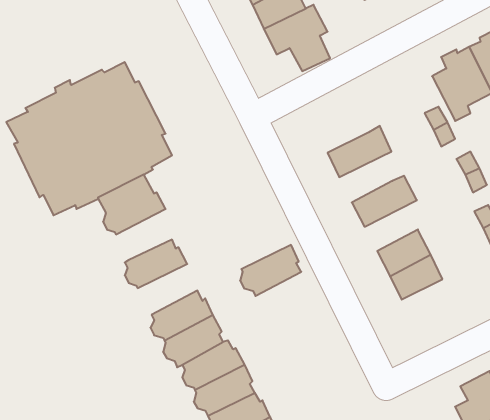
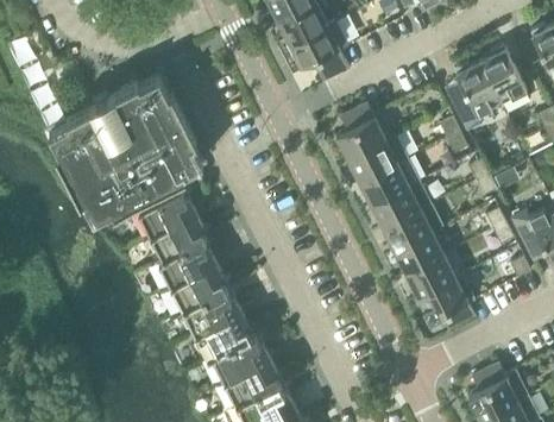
building: none -> [335,102,385,158]
building: none -> [358,157,418,204]
building: none -> [382,202,442,250]
building: none -> [149,210,206,258]
building: [240,245,301,296] -> [169,262,226,309]
building: none -> [416,273,474,327]

